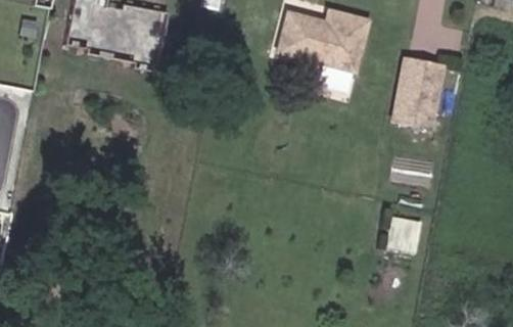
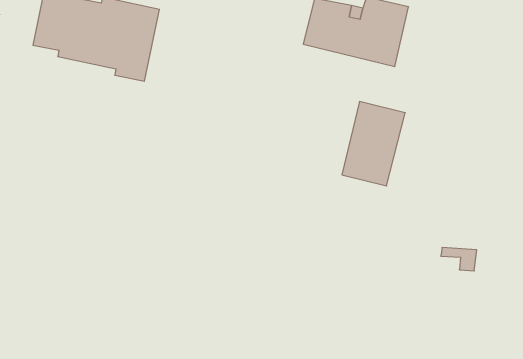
building: [392,54,445,124] -> [342,102,405,186]

